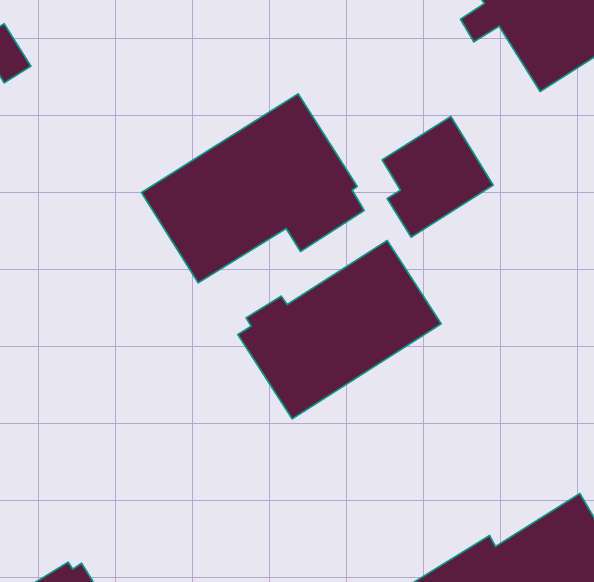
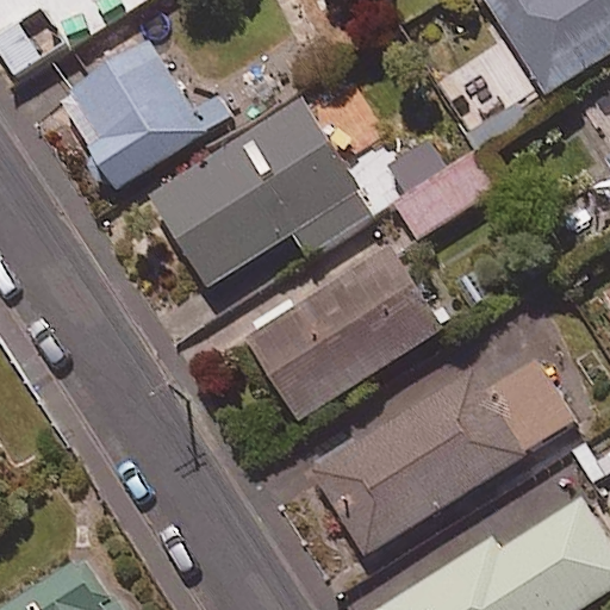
building: none -> [56,39,234,192]
building: none -> [315,357,577,554]

